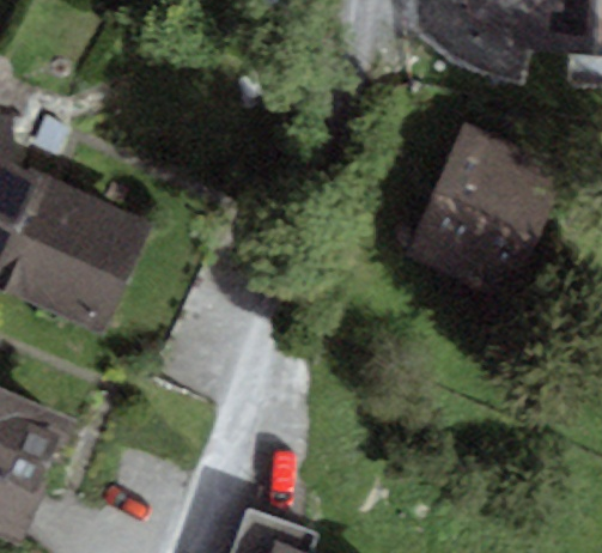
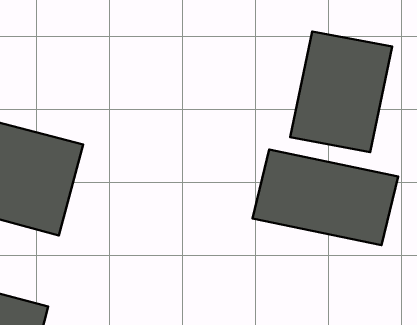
building: none -> [252,150,398,245]

